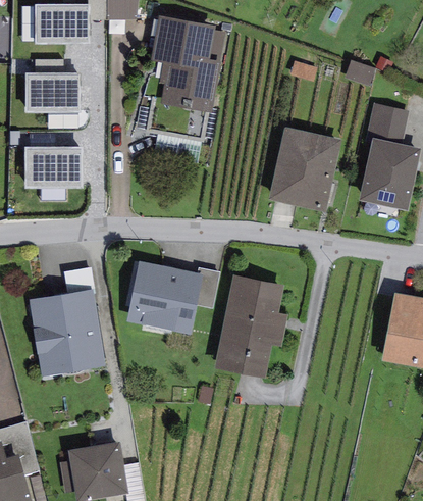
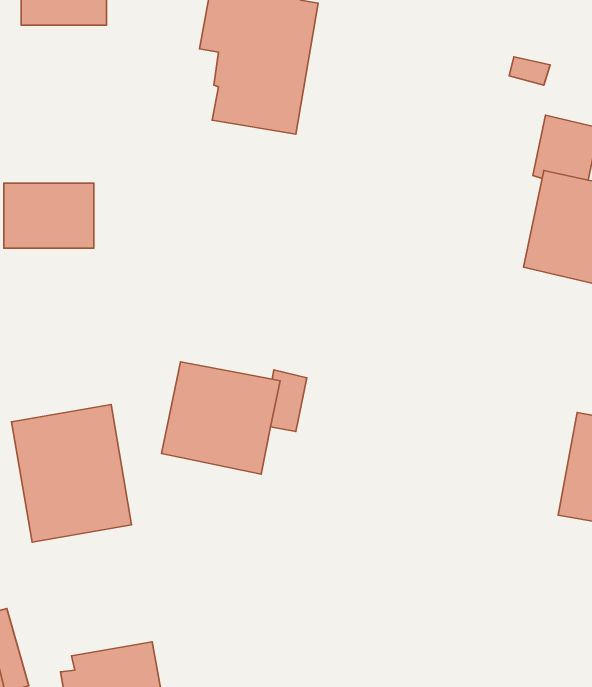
building: [25,73,80,112] -> none
building: [269,128,340,211] -> none
building: [214,274,287,379] -> none

